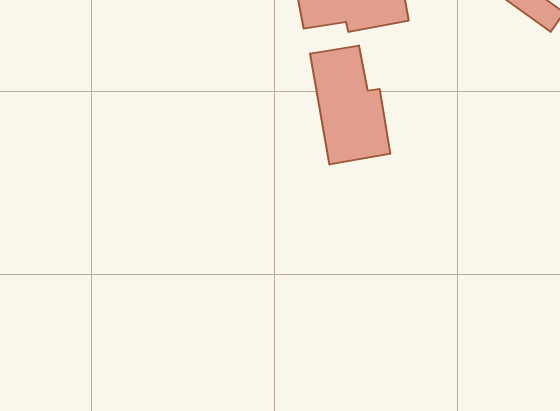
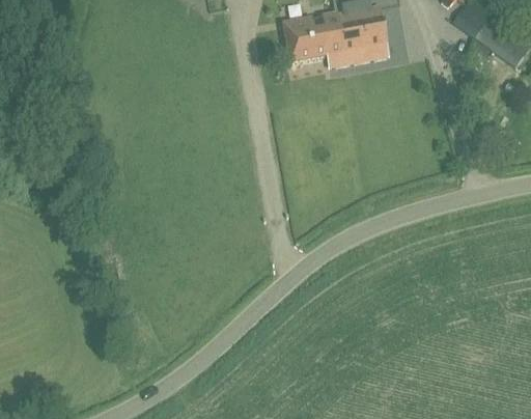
building: [310,45,390,165] -> none

